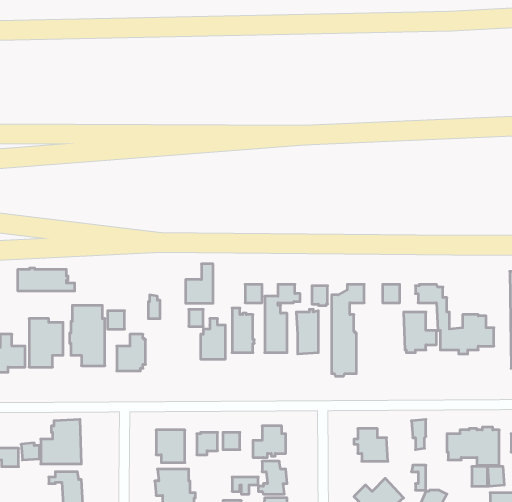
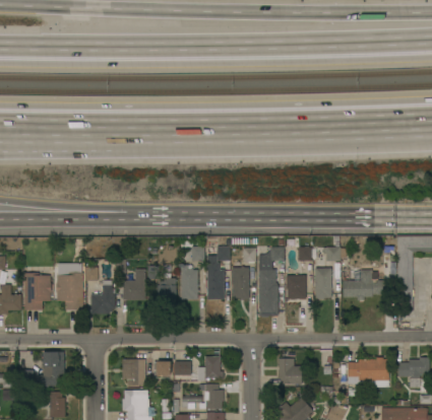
building: [186,264,213,303] -> [123,269,144,299]
building: [18,268,75,291] -> none
building: none -> [285,270,306,299]

